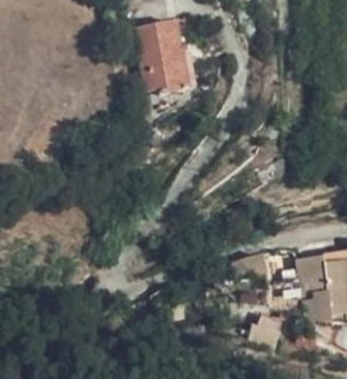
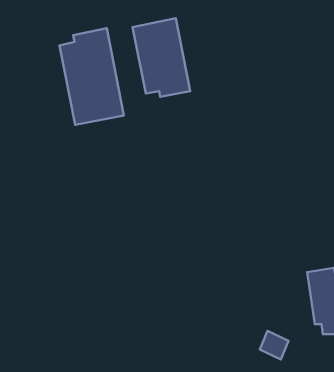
building: none -> [60,28,124,125]

